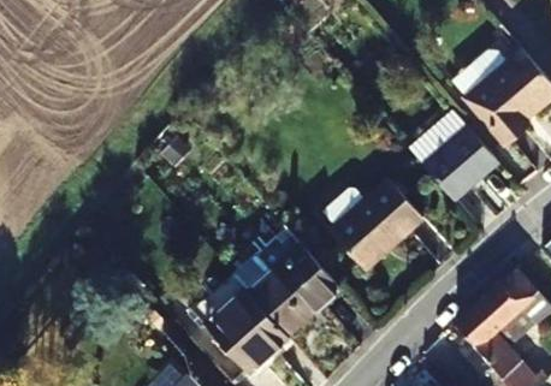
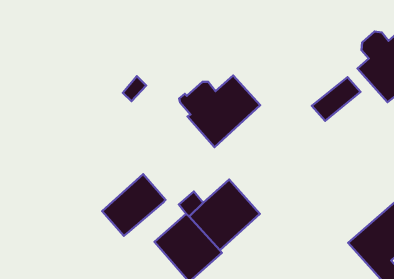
building: [425,129,499,201] -> none
building: [320,179,425,272] -> [179,75,260,147]
building: none -> [102,174,166,236]

